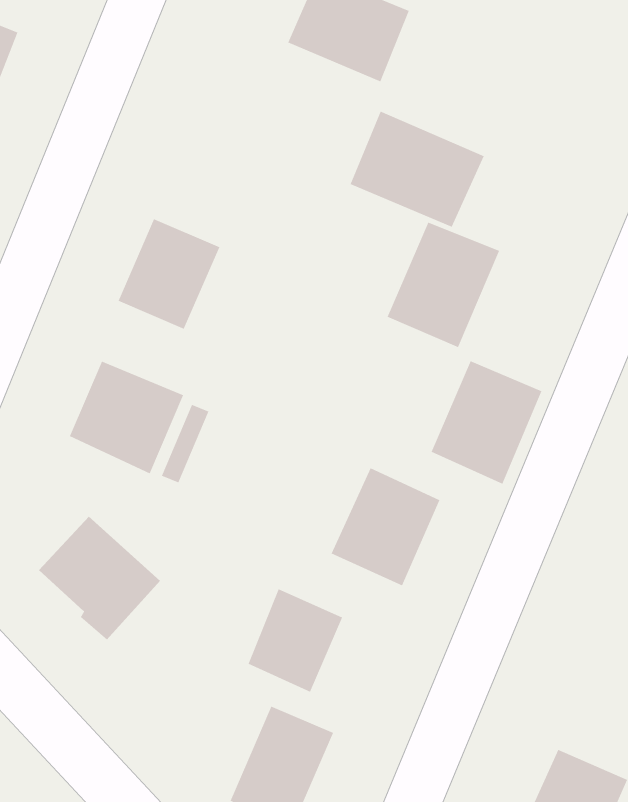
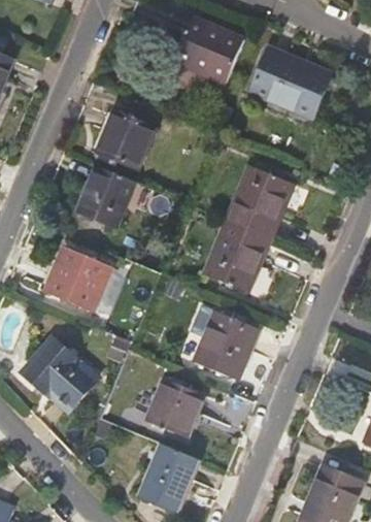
building: [349,111,485,228] -> [252,50,330,117]
building: none -> [93,113,153,172]
building: [431,360,542,485] -> [204,221,268,292]

